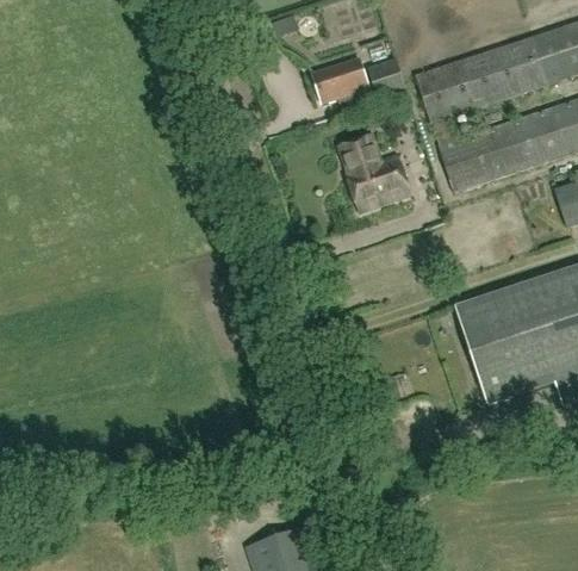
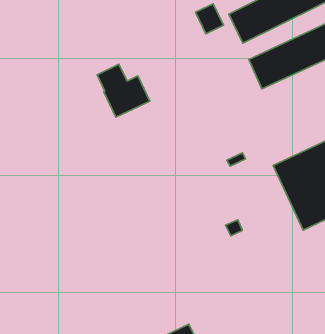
building: [313,57,369,104] -> none
building: [338,134,411,211] -> [97,64,150,117]

